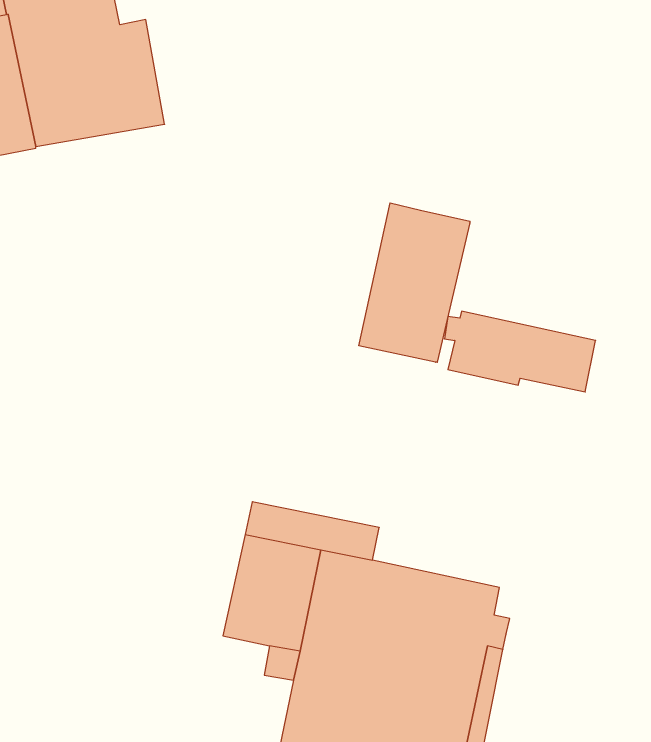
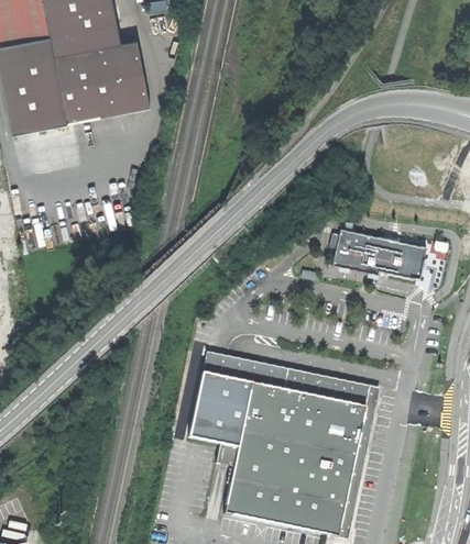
building: [359,203,470,362] -> none
building: none -> [282,366,378,424]

